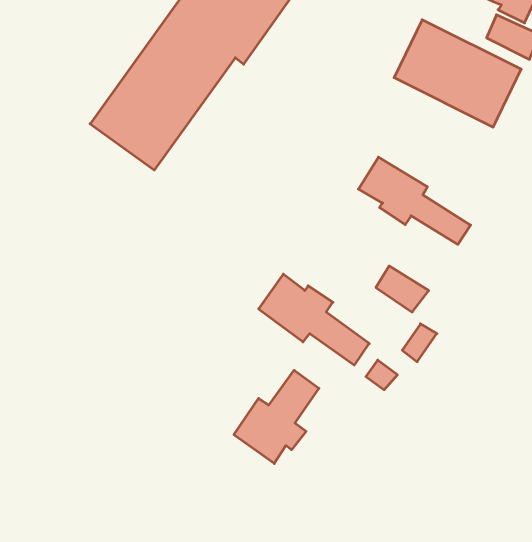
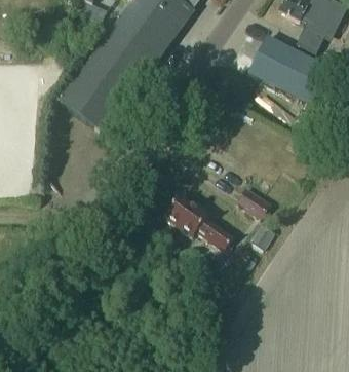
building: [358,157,471,244] -> none
building: [234,370,319,464] -> none

